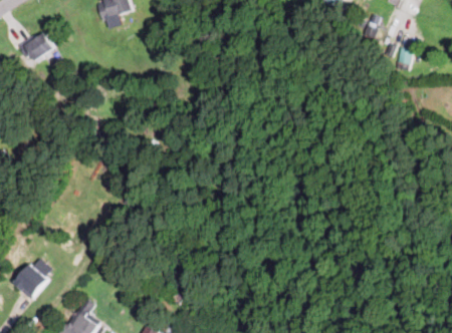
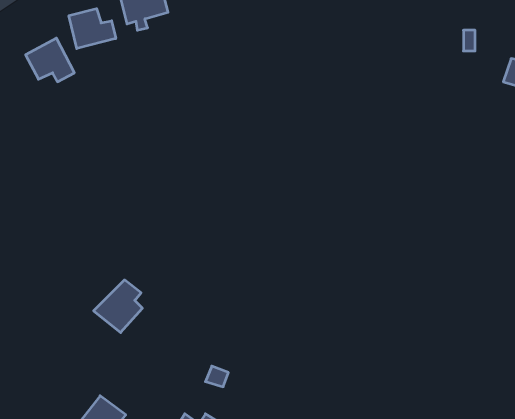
building: none -> [69,9,116,49]
building: [14,257,52,298] -> [94,280,142,333]

